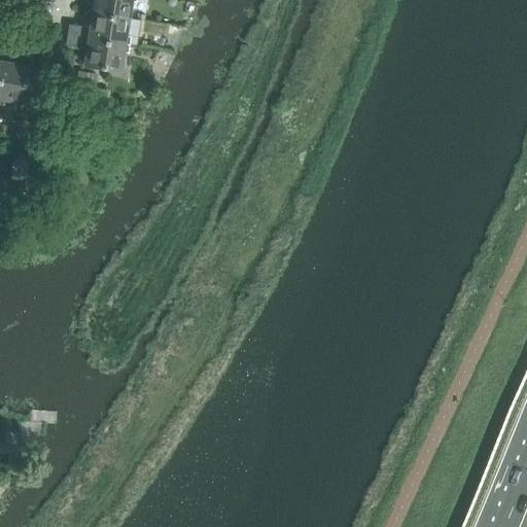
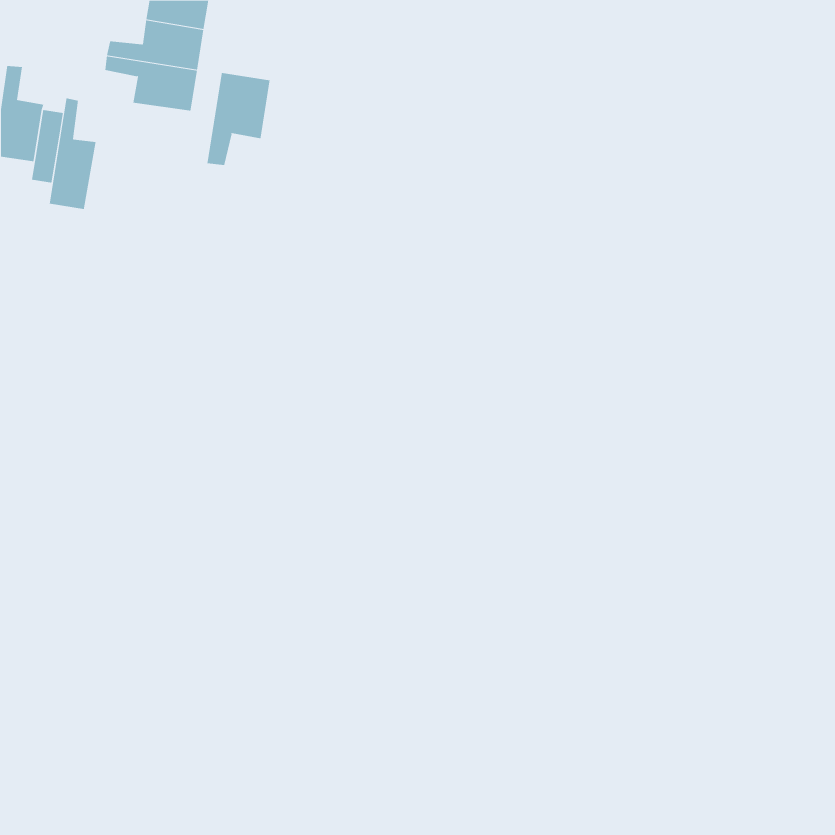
building: none -> [207,72,270,166]
building: none -> [49,97,96,210]

